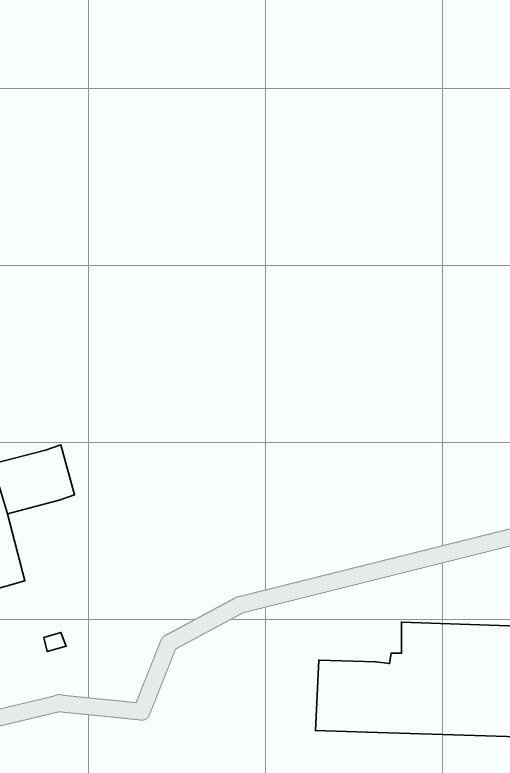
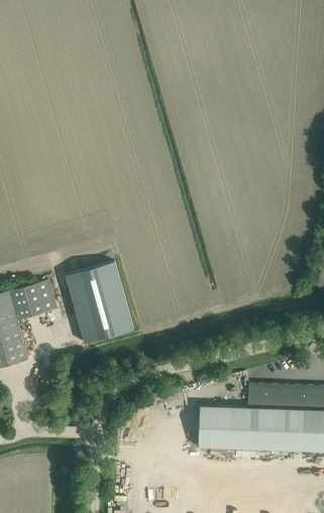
building: none -> [67,262,134,344]

